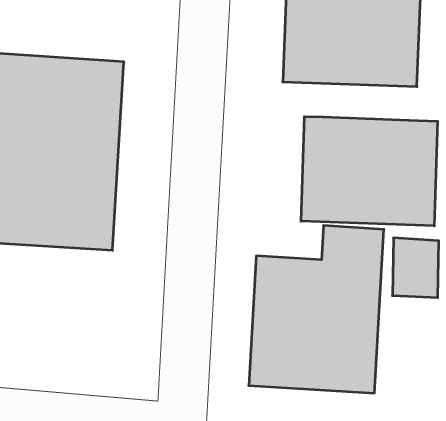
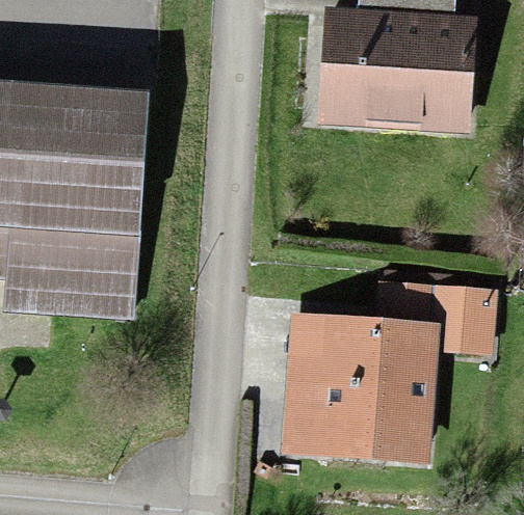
building: [301,117,438,226] -> none

